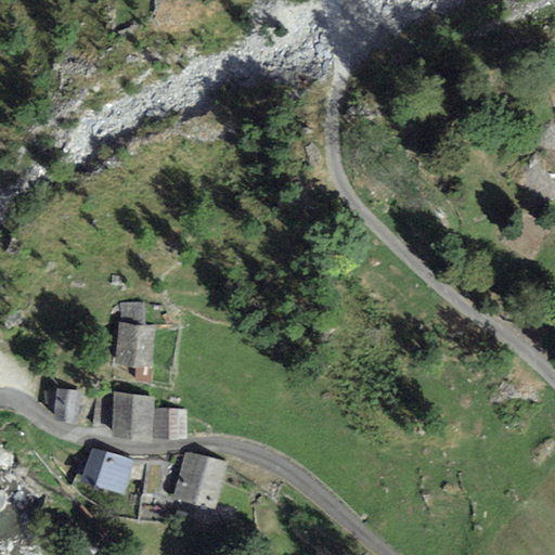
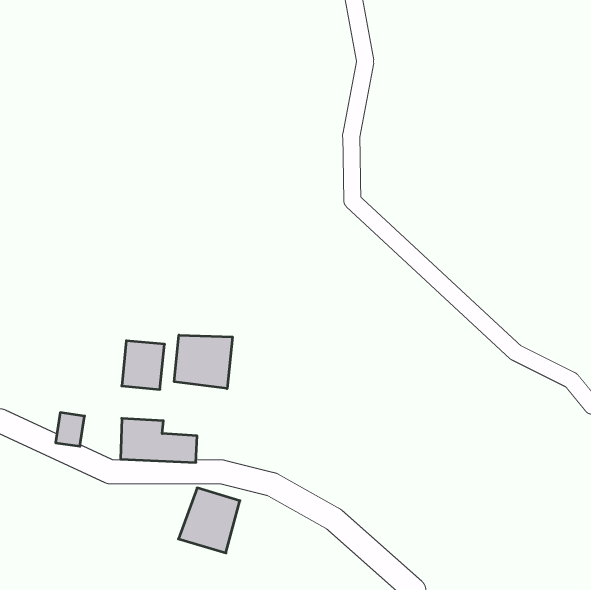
building: none -> [174,335,232,389]
building: [76,451,132,502] -> none

